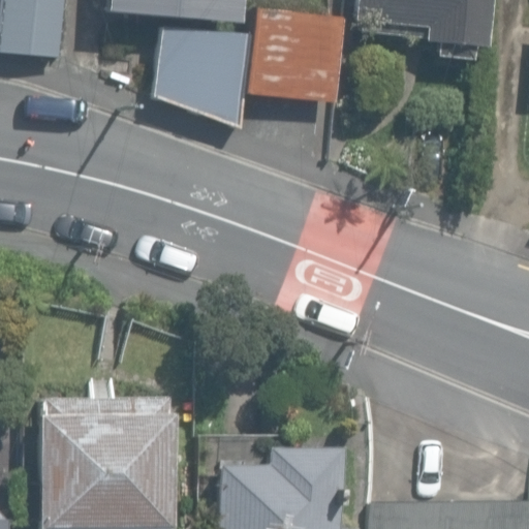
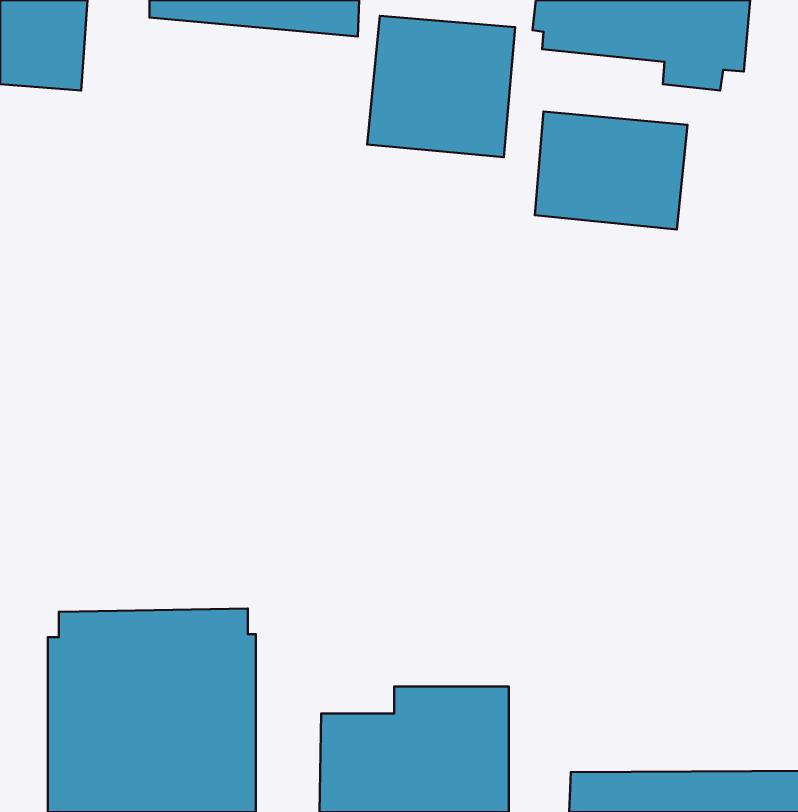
building: [157,25,252,128] -> none
building: none -> [535,112,688,229]

